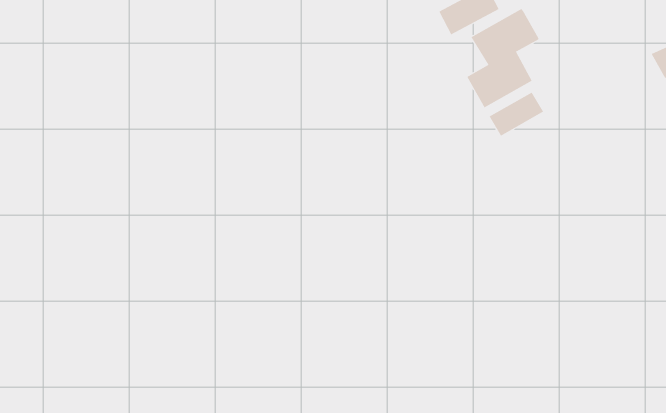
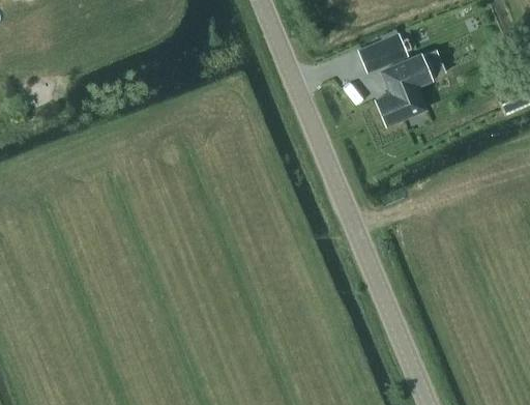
building: [489,92,544,136] -> none

